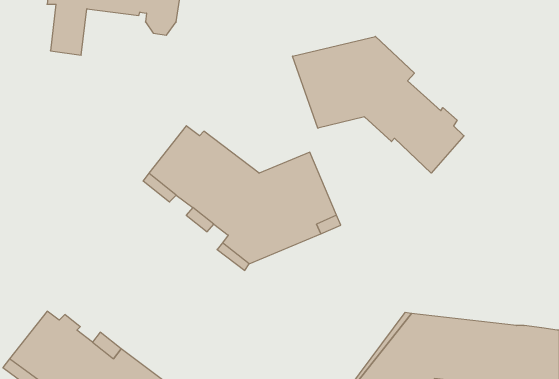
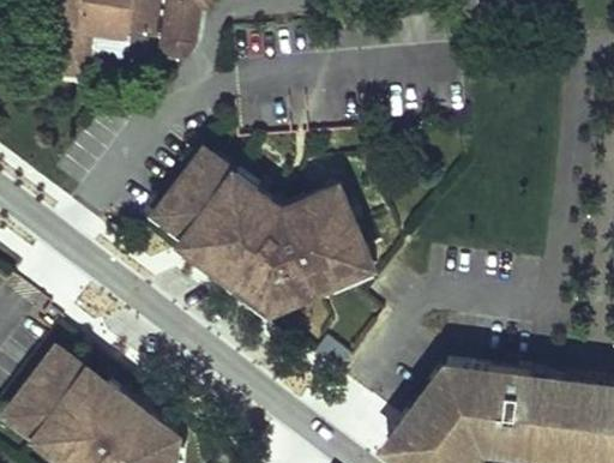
building: [293,36,464,173] -> none

